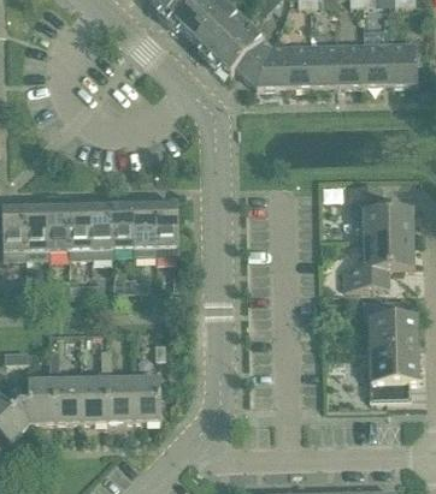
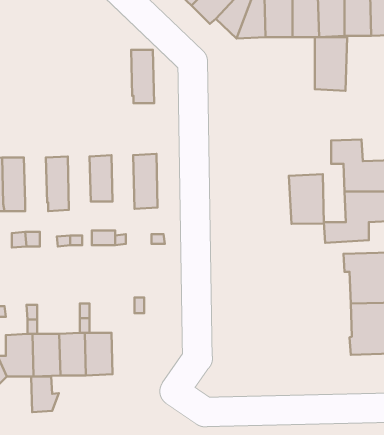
building: none -> [315,37,347,91]
building: [132,202,155,255] -> [131,50,154,103]
building: [89,203,113,256] -> none
building: [46,204,69,249] -> none
building: none -> [289,174,324,224]
building: [132,376,160,418] -> none
building: none -> [31,377,59,412]

